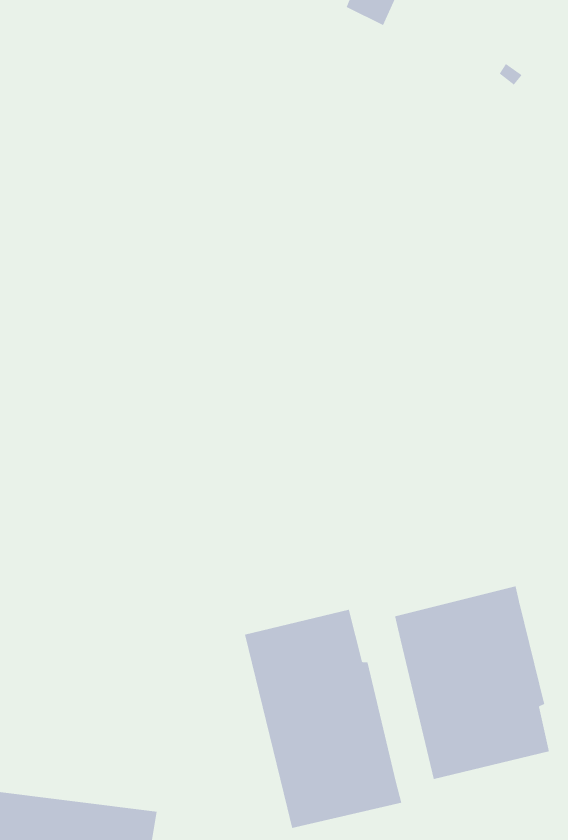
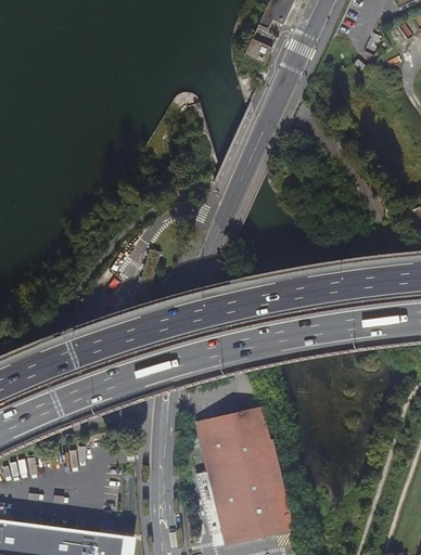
building: [395,585,550,780] -> none

